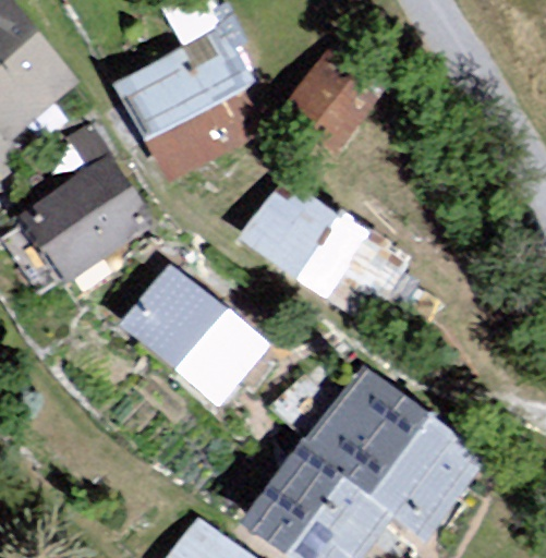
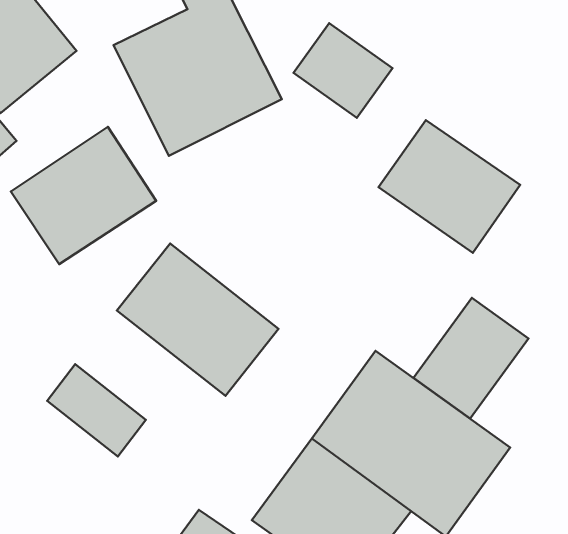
building: [236,174,371,300] -> [378,120,520,253]
building: none -> [413,298,528,419]
building: none -> [47,364,146,457]

